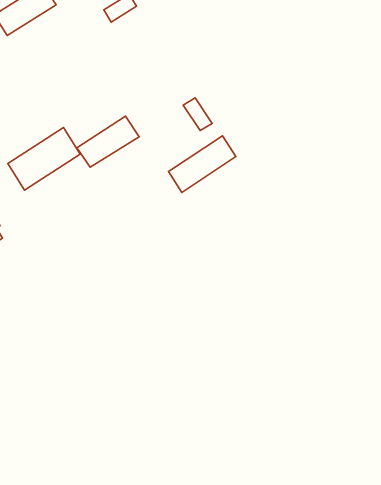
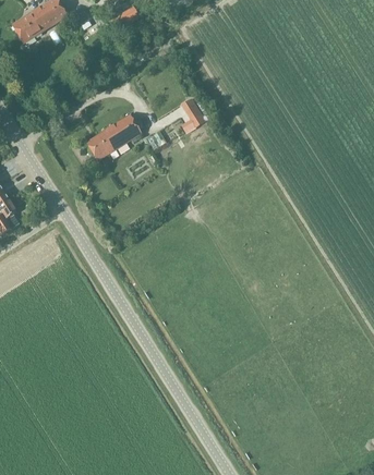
building: [8,128,80,190] -> none
building: [169,136,236,192] -> none

